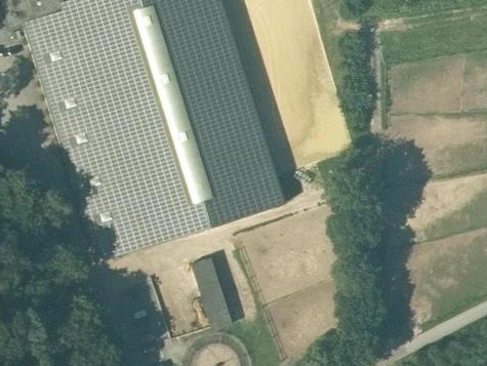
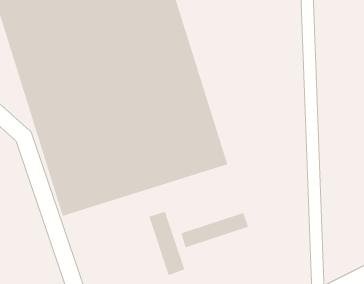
building: none -> [181,212,249,248]

